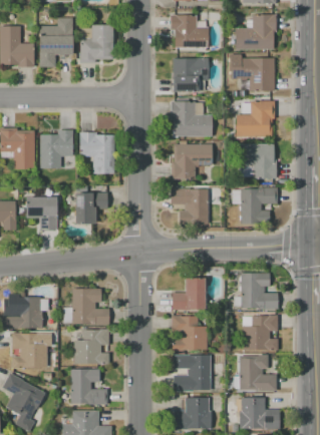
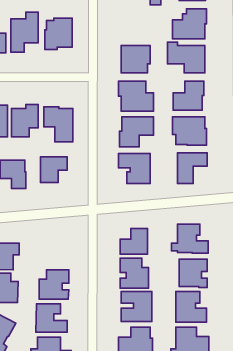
building: [170,15,208,48] -> none
building: [62,289,109,326] -> none

